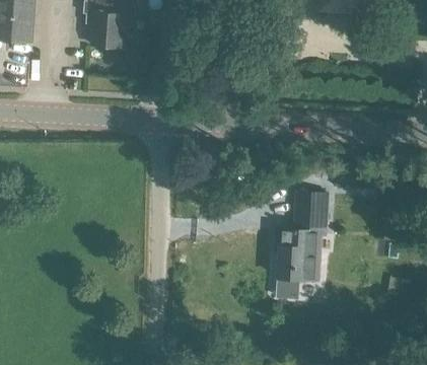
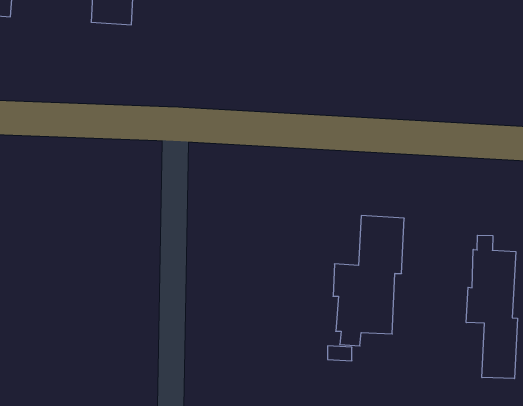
building: none -> [466,235,517,379]

